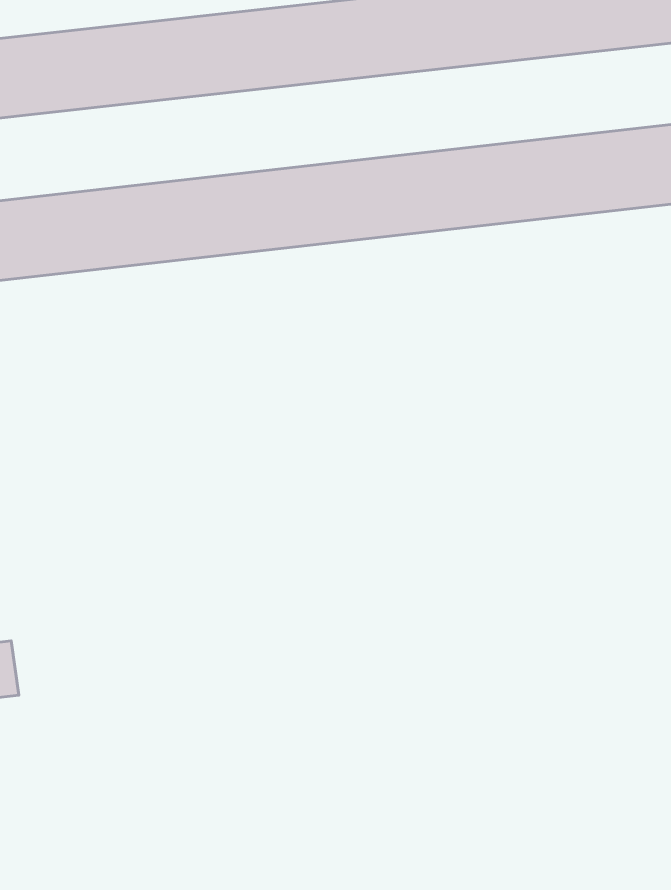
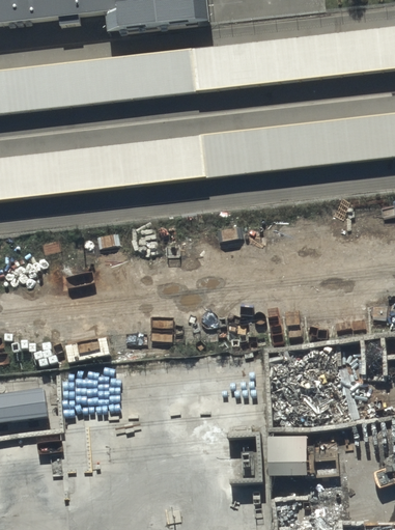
building: none -> [266,436,306,475]

